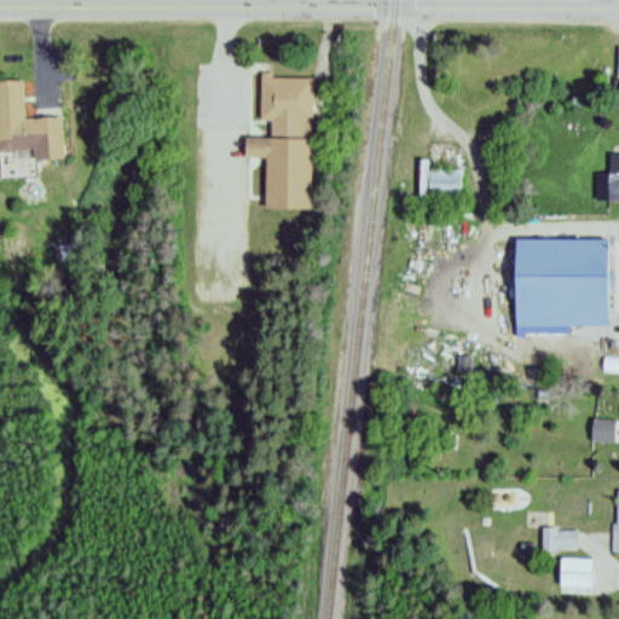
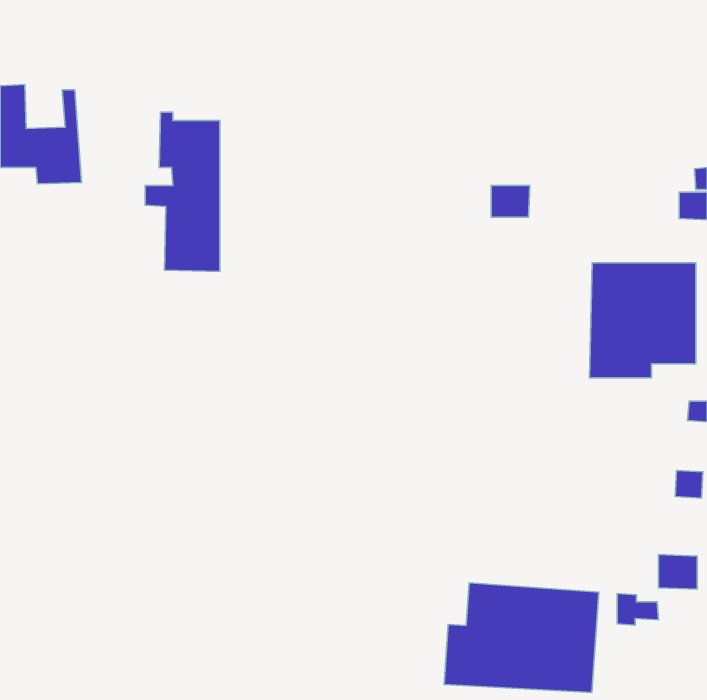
building: [247,71,312,210] -> [145,112,220,271]
building: none -> [444,583,599,693]
building: [559,556,592,586] -> [658,555,697,589]

